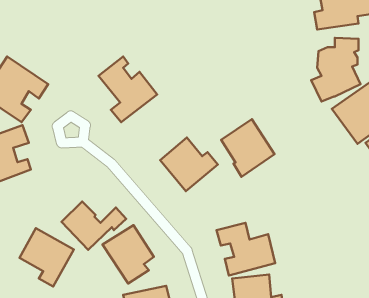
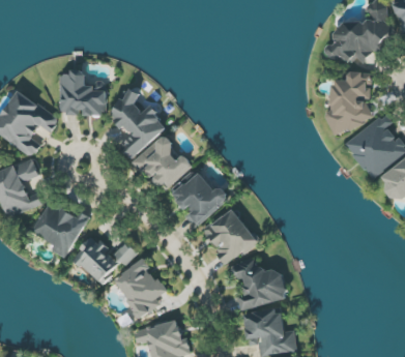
building: none -> [59,70,106,115]
building: none -> [133,136,193,190]
building: [221,119,275,177] -> [203,208,257,266]
building: [19,228,74,287] -> [31,200,86,259]

